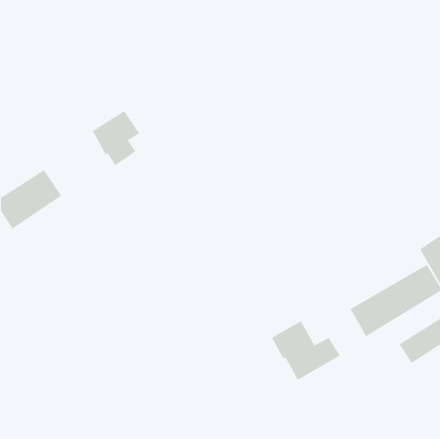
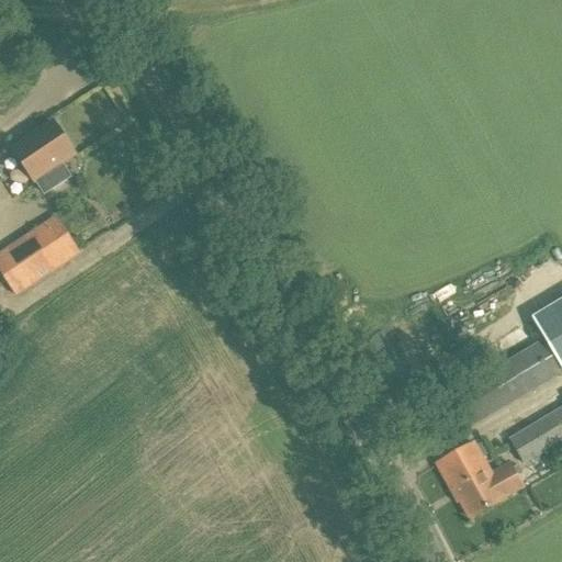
building: [92,110,140,166] -> [15,121,77,192]
building: [271,320,341,381] -> [437,440,526,517]

